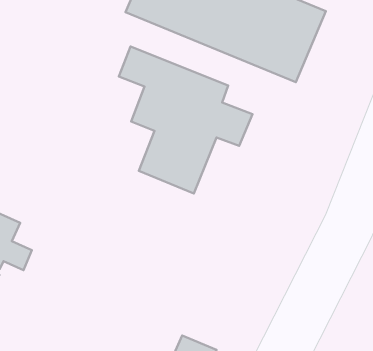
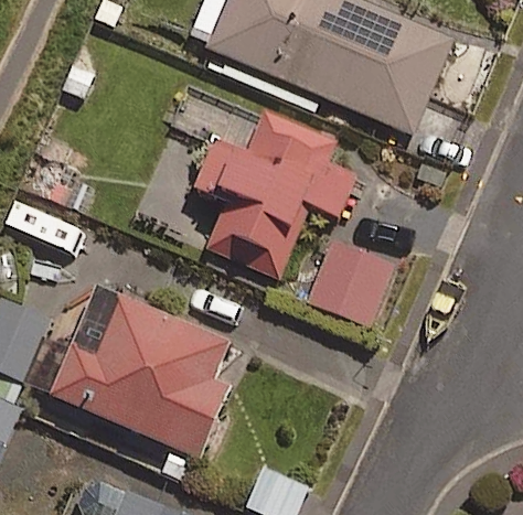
building: none -> [310,239,394,323]
building: none -> [51,287,228,457]

